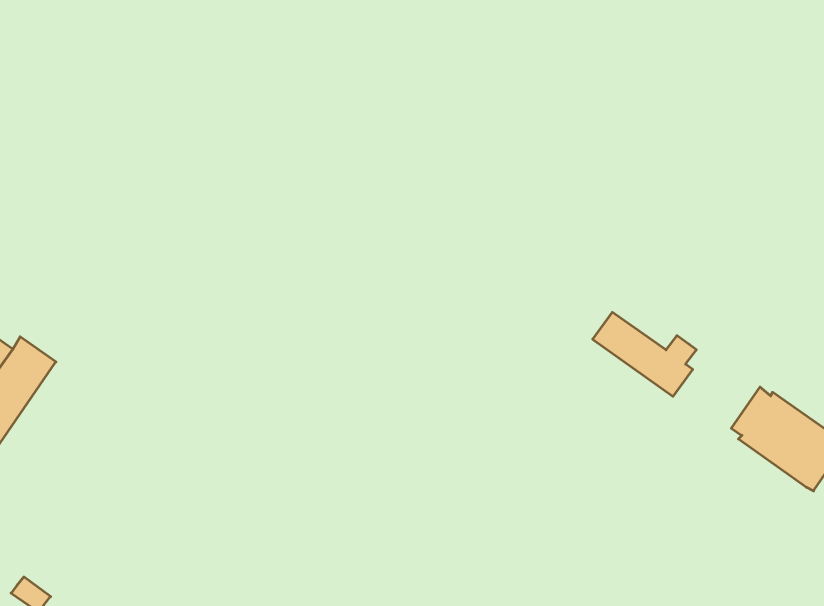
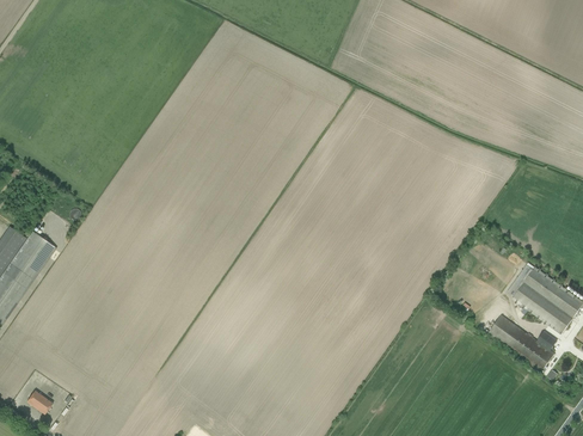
building: [593,312,696,396] -> [487,314,557,370]

